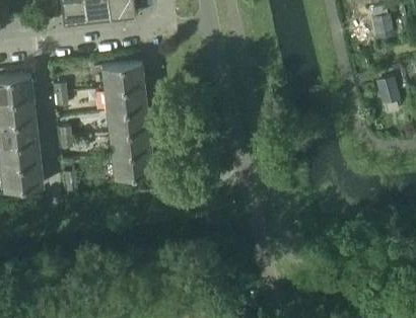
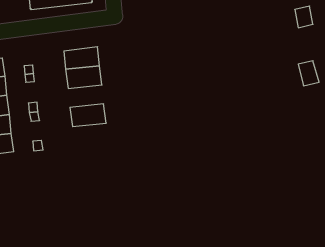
building: [107,106,148,133] -> none
building: [112,151,153,176] -> none

